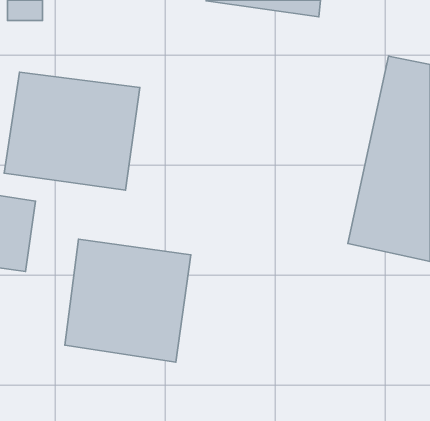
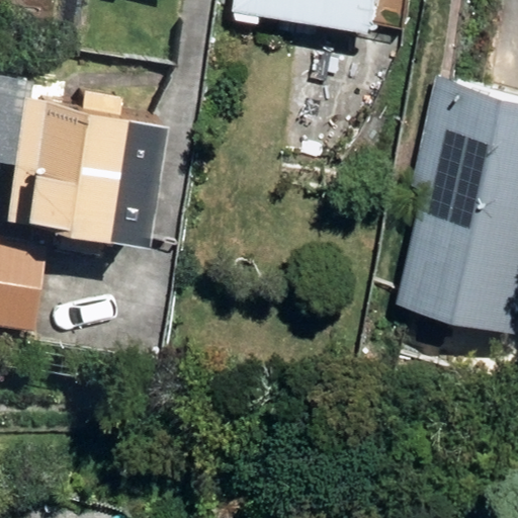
building: [65,239,191,362] -> none

